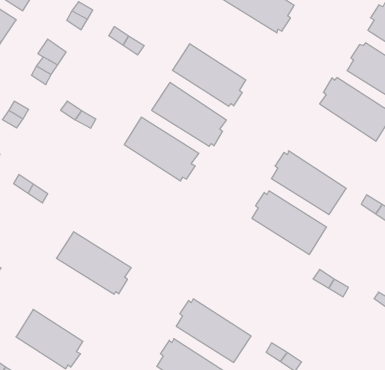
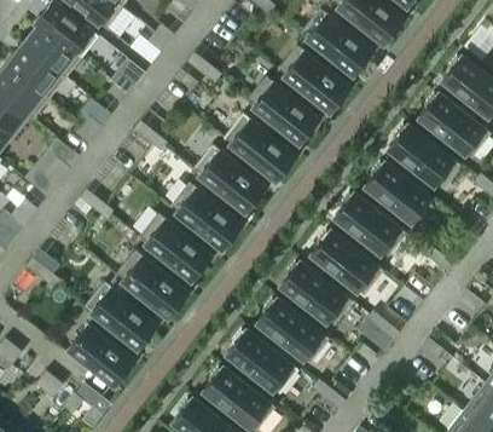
building: none -> [277,46,349,113]
building: none -> [365,162,430,223]
building: none -> [169,183,240,249]
building: none -> [138,214,210,280]
building: none -> [280,261,352,328]
building: none -> [85,282,156,349]
building: none -> [257,299,329,364]

